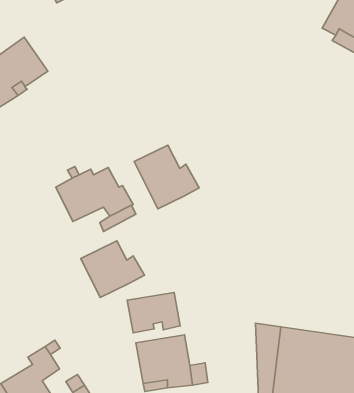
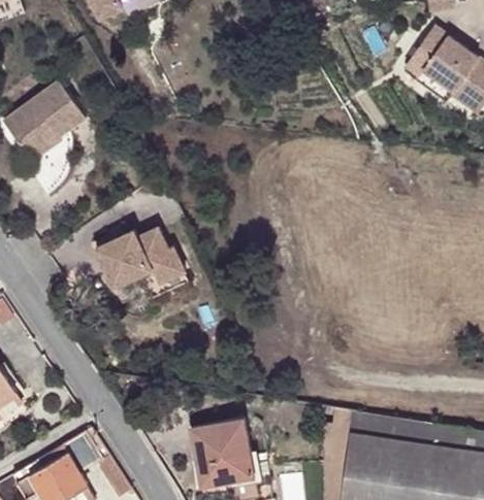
building: [134,145,199,209] -> none
building: [81,241,145,297] -> none
building: [127,292,180,333] -> none

